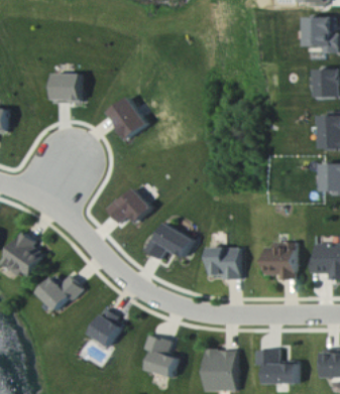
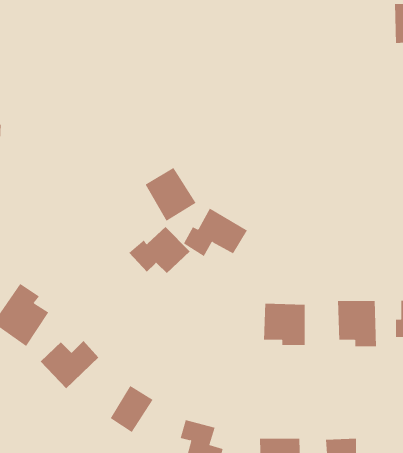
building: [49,75,81,102] -> none
building: [108,100,147,141] -> [145,167,196,221]
building: [144,222,194,259] -> [183,208,248,257]

